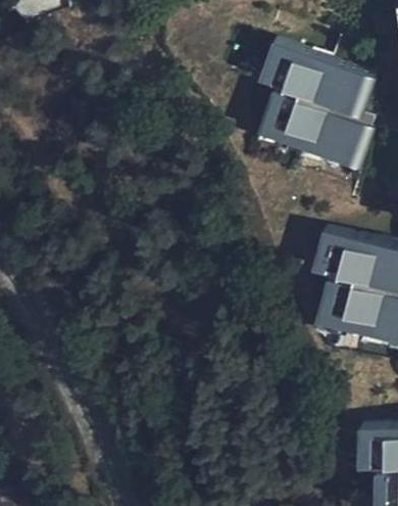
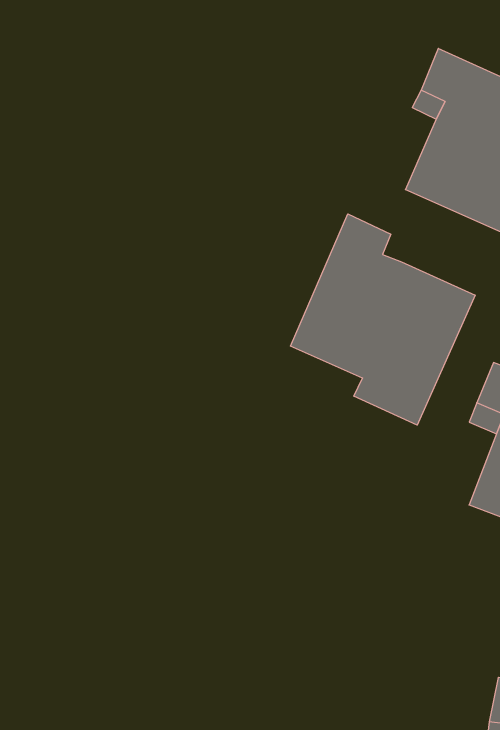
building: none -> [290,214,475,425]

